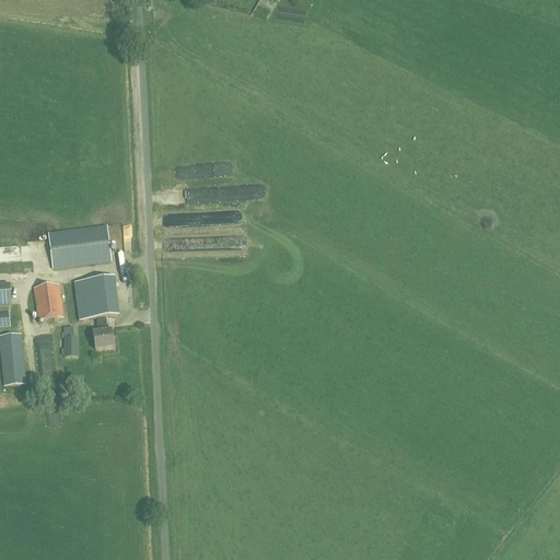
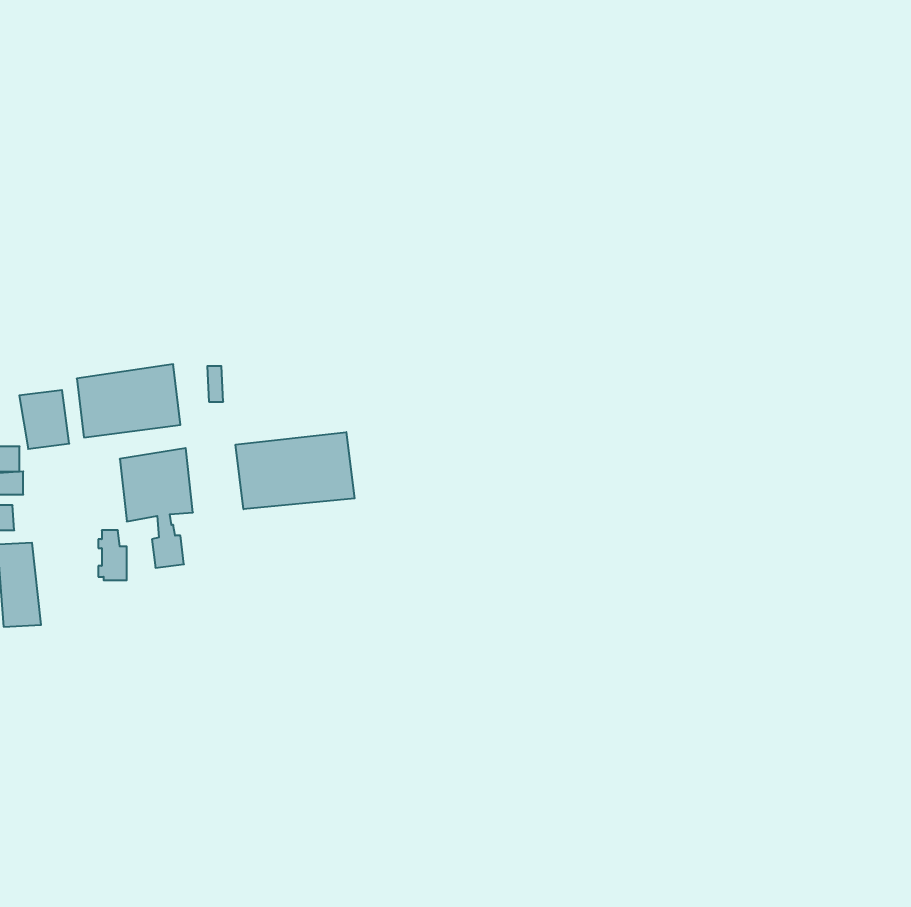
building: none -> [236,432,355,509]
building: [32,283,62,319] -> [19,390,69,449]

